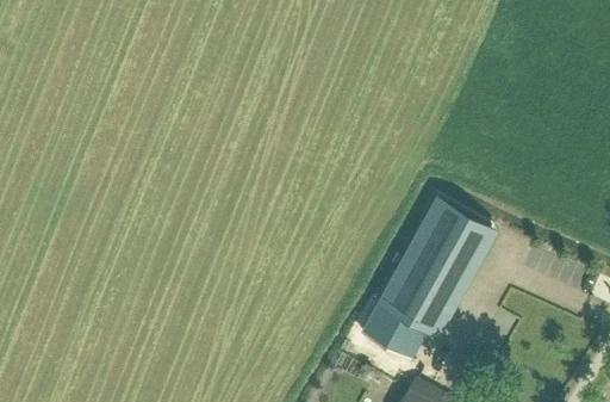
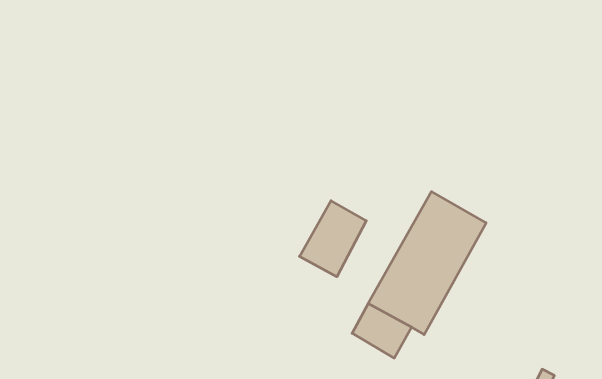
building: none -> [299,201,366,277]

